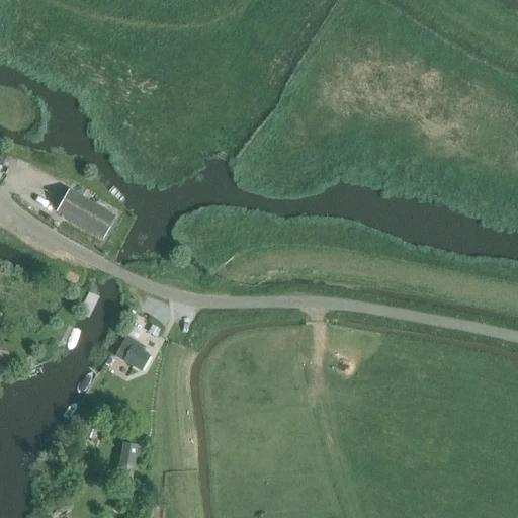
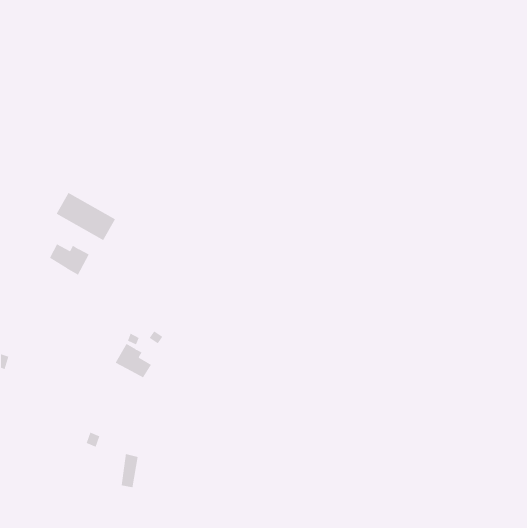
building: none -> [49,243,90,276]

